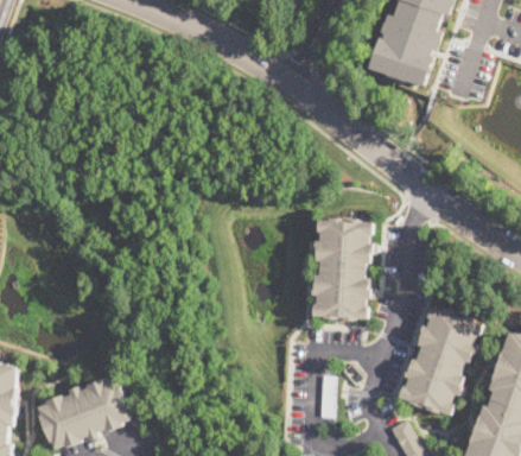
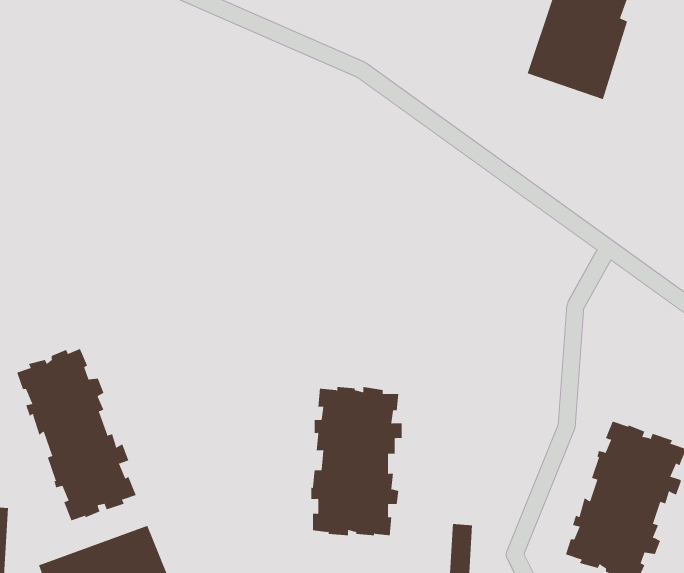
building: [311,217,374,319] -> [310,386,403,536]
building: none -> [16,348,136,521]

